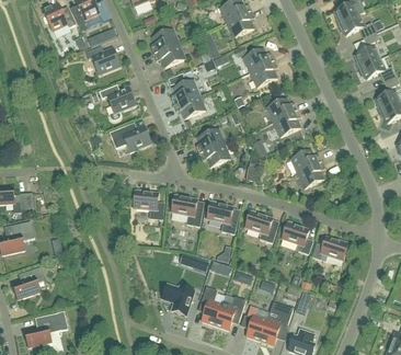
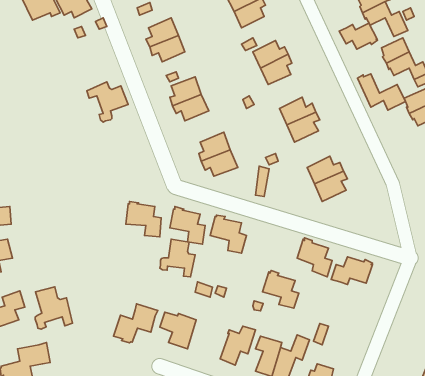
building: none -> [339,23,378,49]
building: [85,46,119,73] -> none
building: none -> [358,74,405,110]
building: [108,126,150,152] -> none
building: [244,209,276,242] -> [262,271,299,308]
building: none -> [160,239,195,277]
building: none -> [35,287,72,329]
building: none -> [114,304,158,343]
building: [198,287,222,325] -> none

